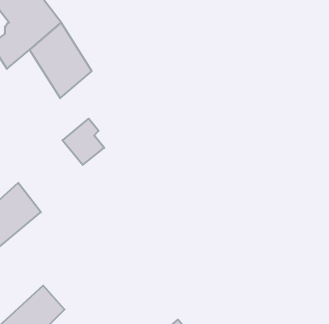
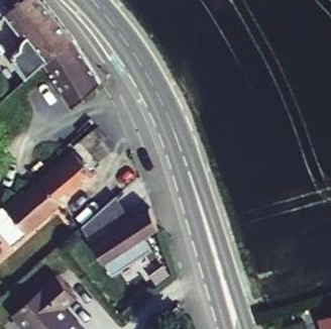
building: none -> [32,152,92,211]
building: none -> [81,201,156,272]

